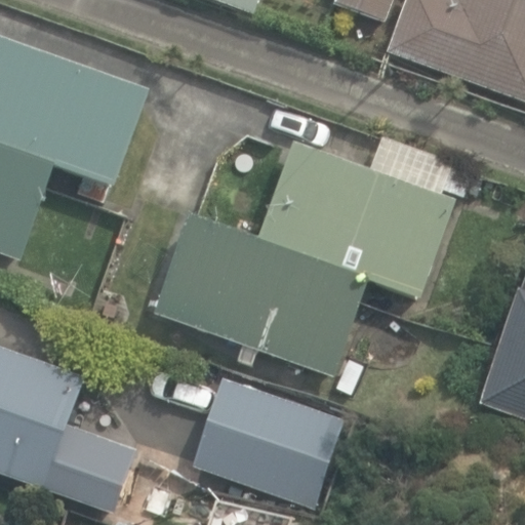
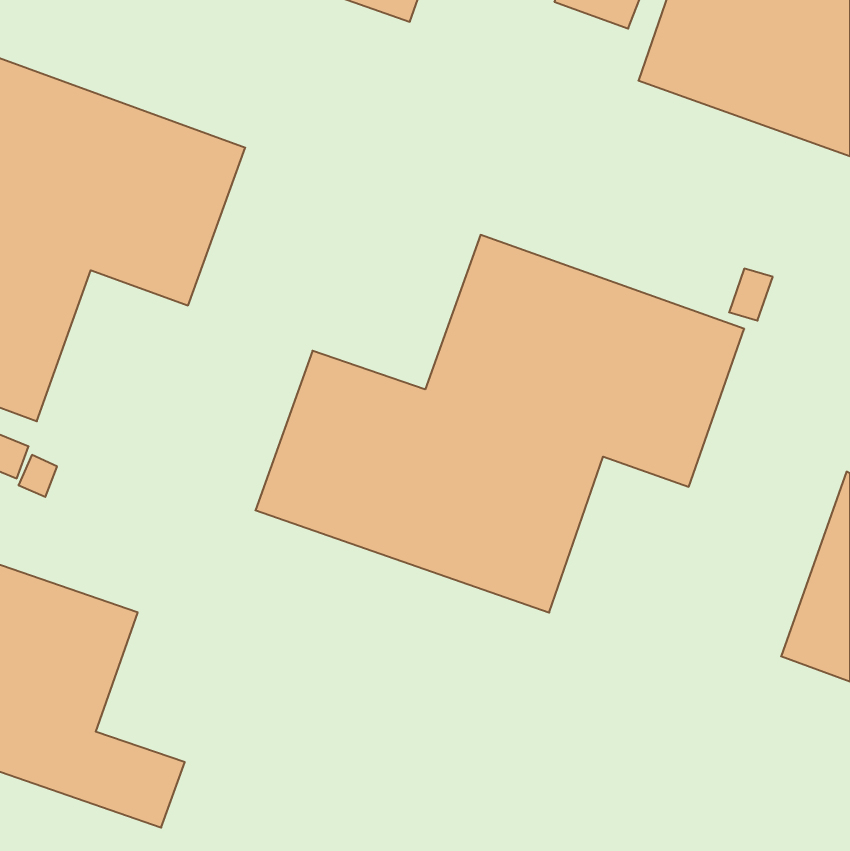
building: [191,378,342,509] -> none

